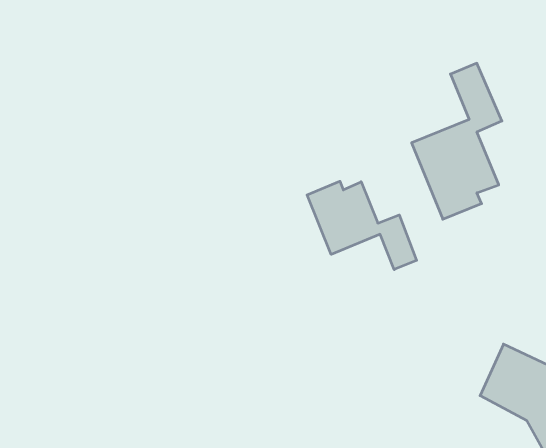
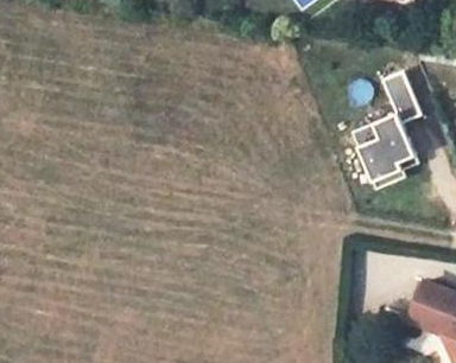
building: [307,181,417,270] -> none

